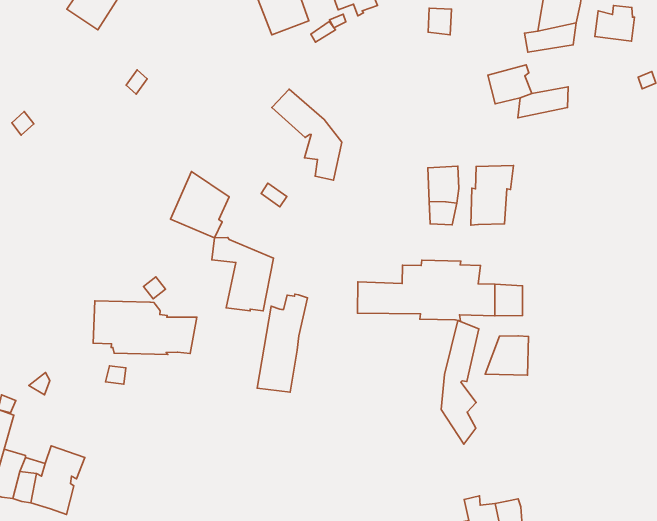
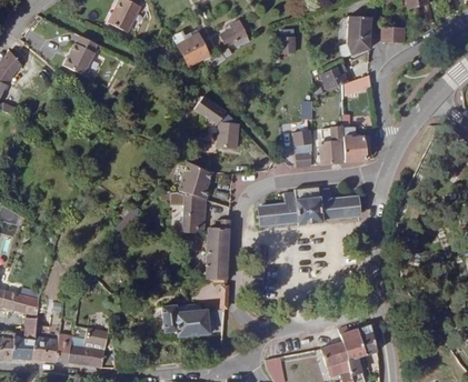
building: none -> [343,115,367,162]
building: [171,172,229,238] -> [179,162,212,200]
building: [93,301,197,355] -> [162,304,225,338]
building: [441,320,479,444] -> none
building: [485,336,528,375] -> none

